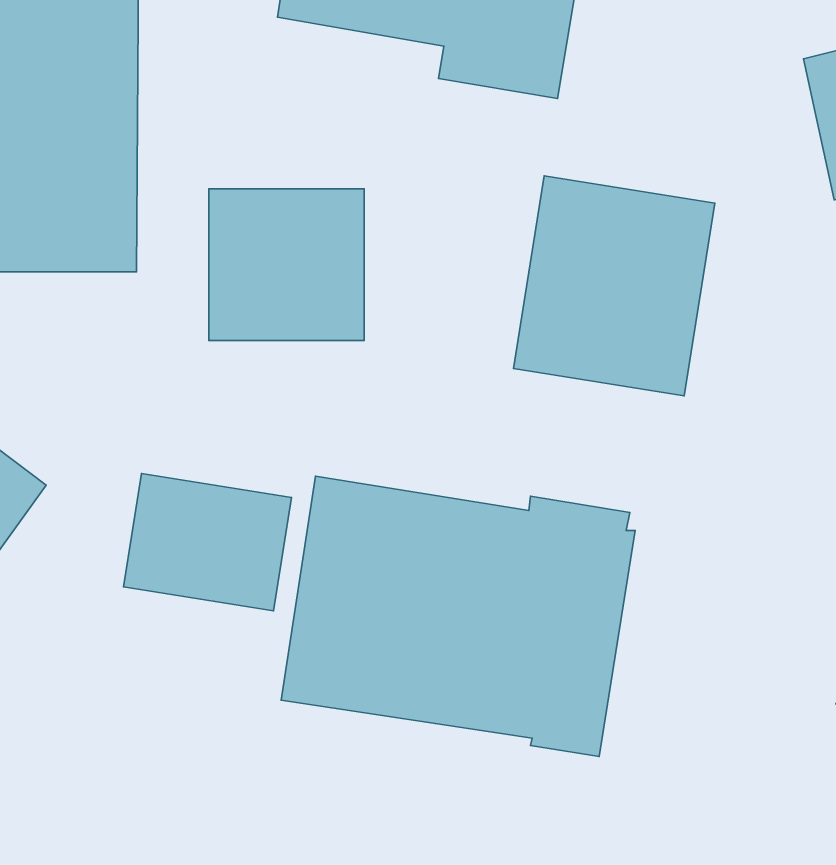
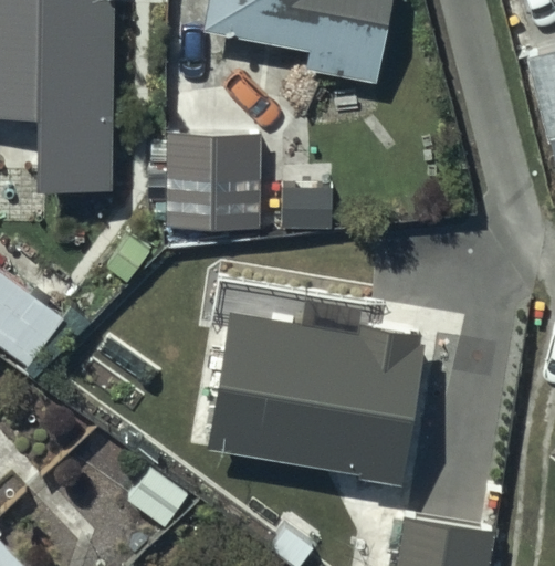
building: [513,176,715,396] -> none
building: [123,474,292,611] -> none

